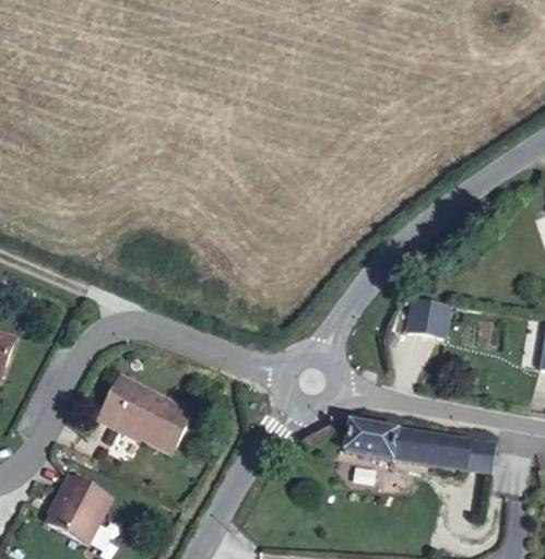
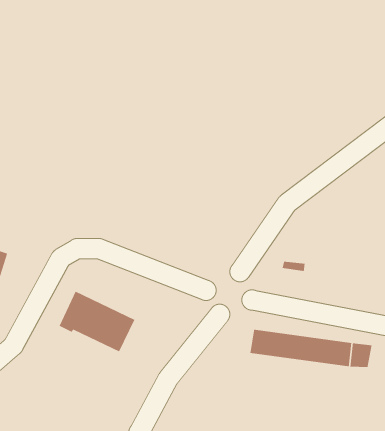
building: [408,297,458,338] -> none
building: [49,468,114,536] -> none

